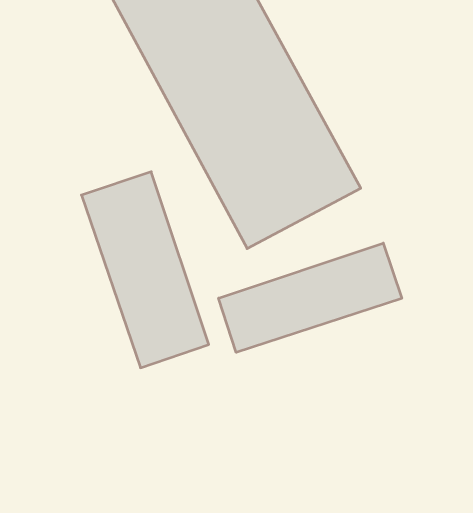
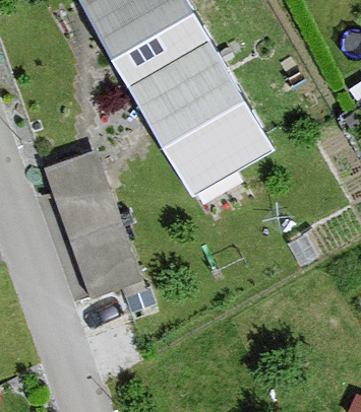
building: [219,243,402,352] -> none

